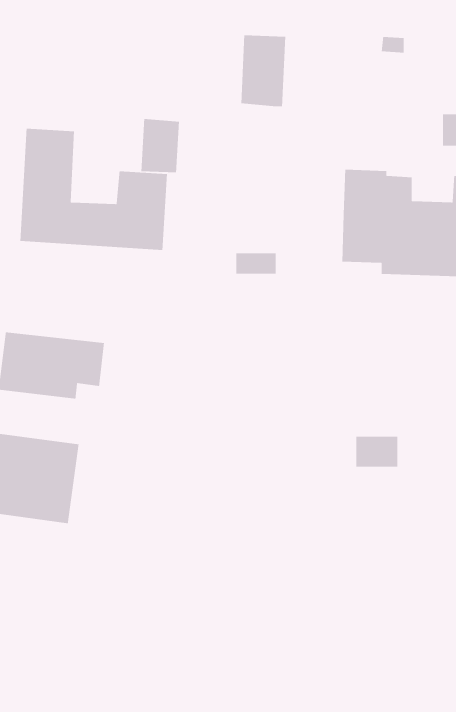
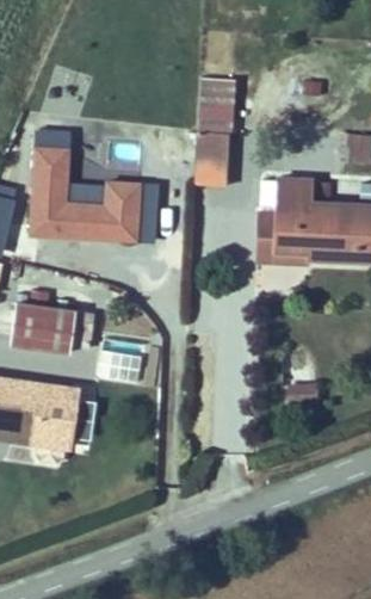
building: [141,118,180,173] -> [196,131,225,173]
building: none -> [258,214,304,267]

